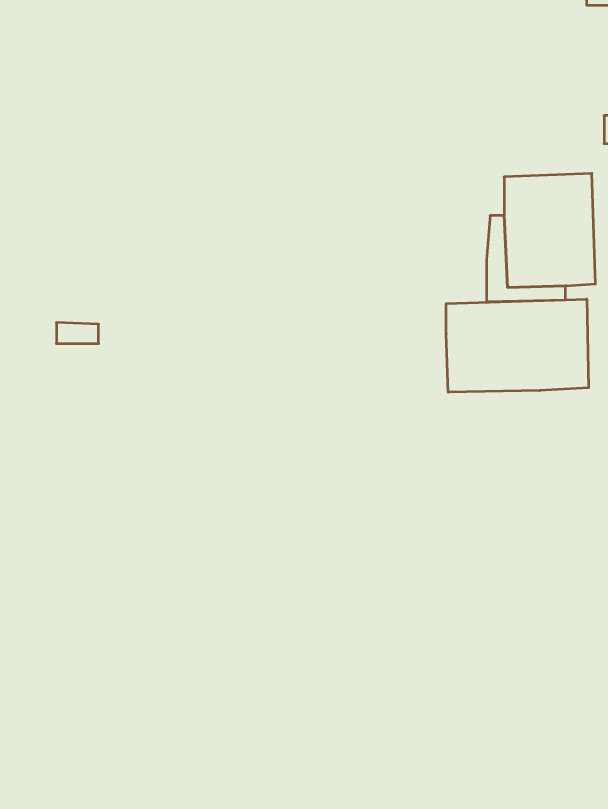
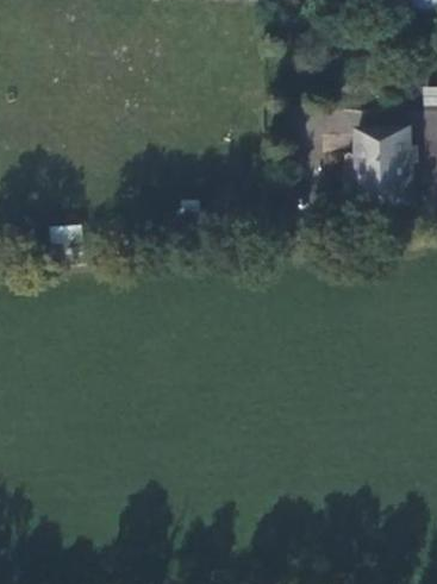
building: [446,299,589,392] -> none

